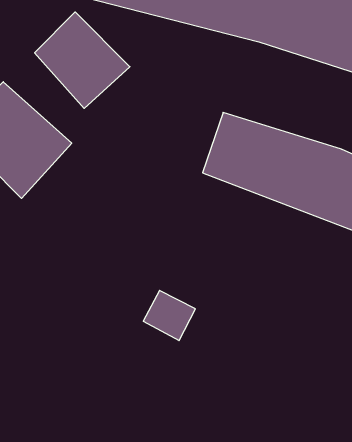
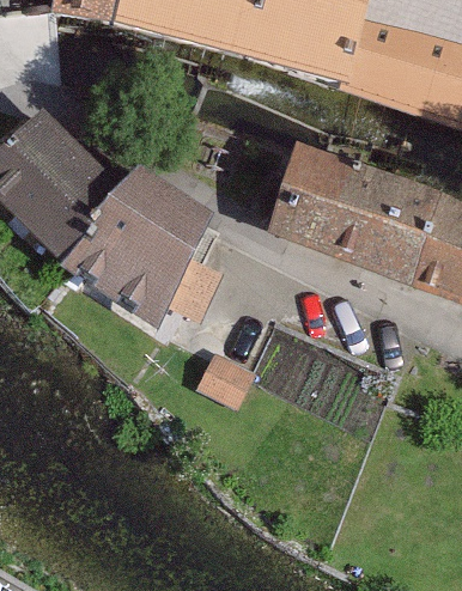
building: [35,12,130,108] -> none
building: none -> [65,177,205,316]

